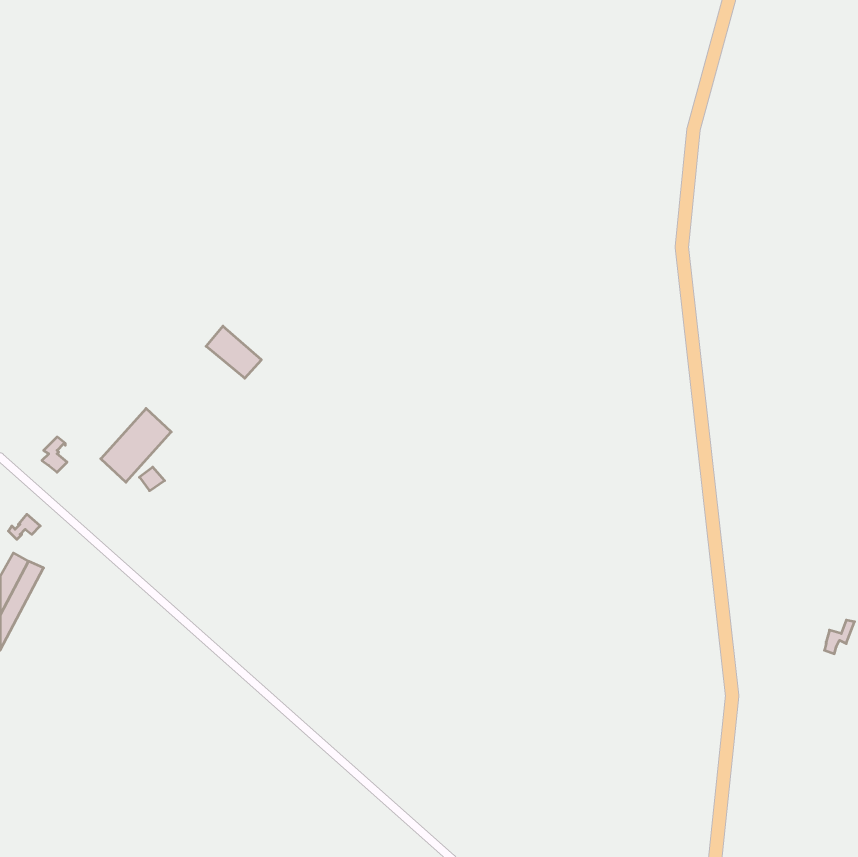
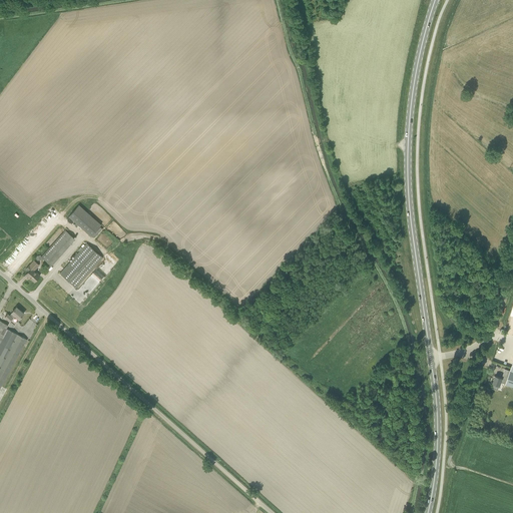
building: [206,326,261,378] -> [68,205,101,236]
building: none -> [41,230,75,267]

